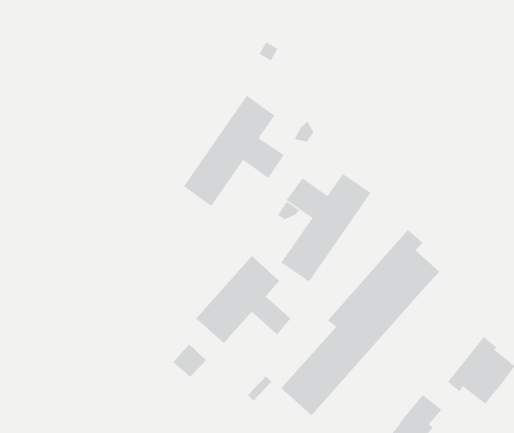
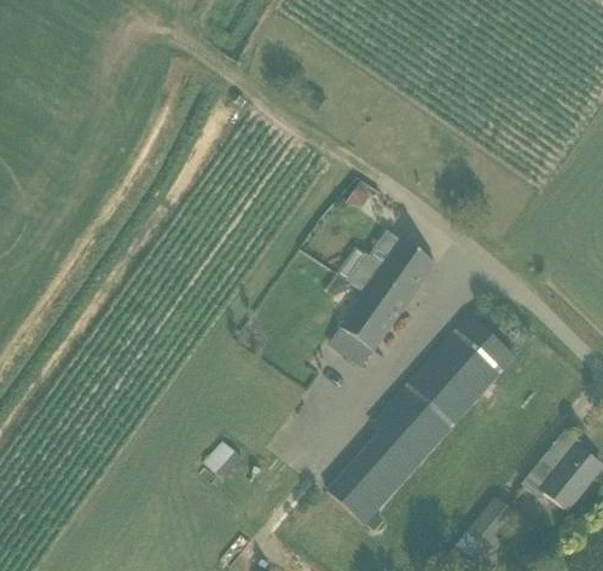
building: [183,95,284,207] -> none
building: [196,255,291,344] -> none

